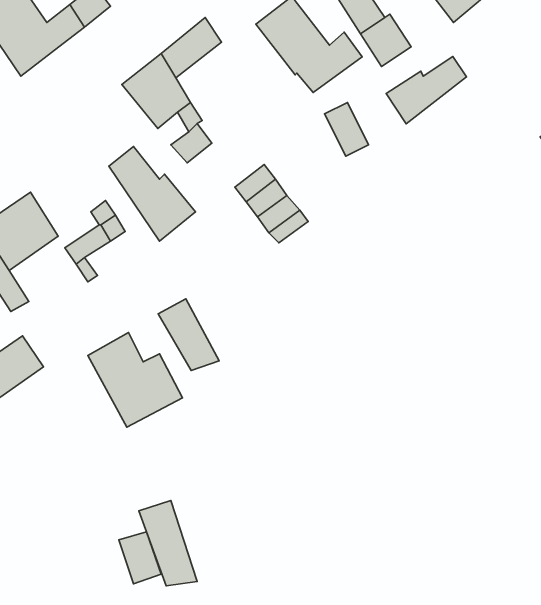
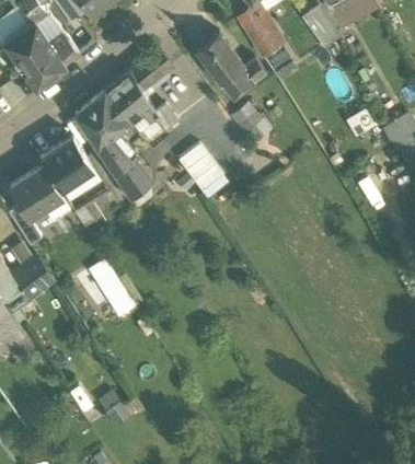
building: [386,56,466,124] -> none
building: none -> [74,93,128,148]
building: none -> [38,137,90,187]
building: [158,299,219,370] -> none
building: [139,500,197,586] -> none

